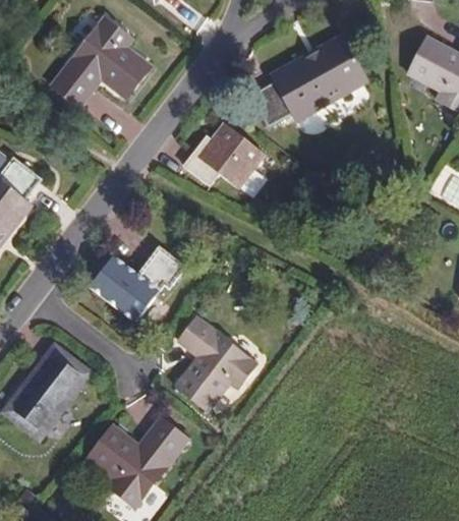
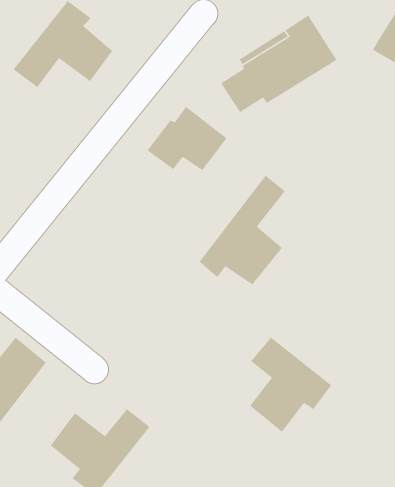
building: none -> [198,174,286,285]
building: [90,245,185,320] -> none
building: [176,314,257,409] -> [249,336,332,433]

